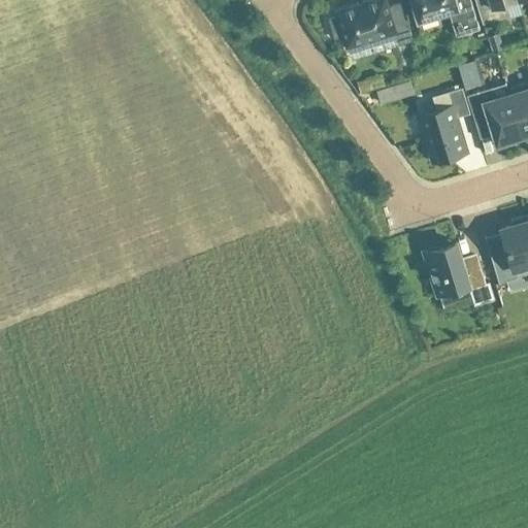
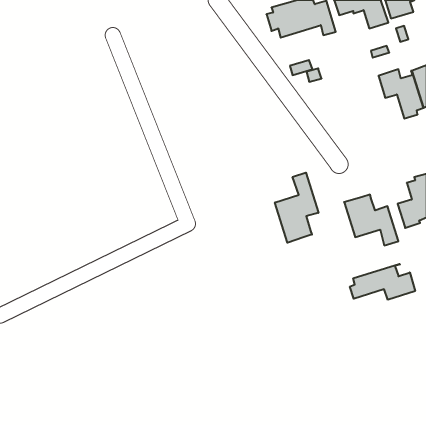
building: [421,92,468,163] -> none
building: none -> [275,173,318,243]
building: none -> [350,264,415,300]

